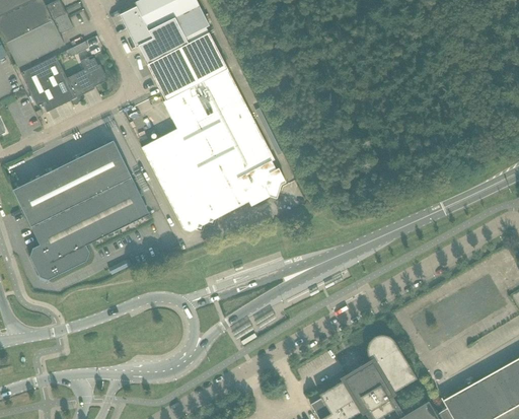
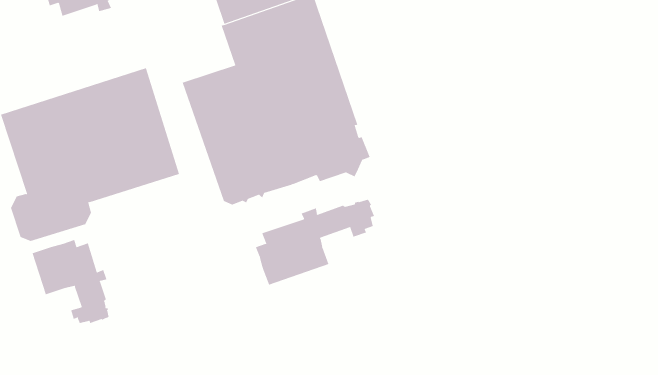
building: none -> [255,199,375,286]
building: none -> [32,239,109,324]

